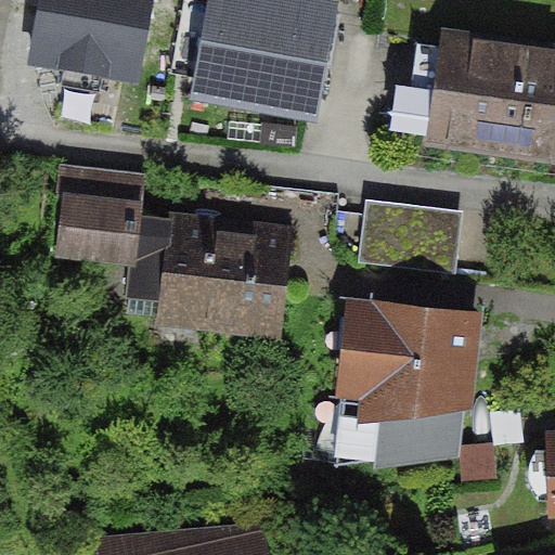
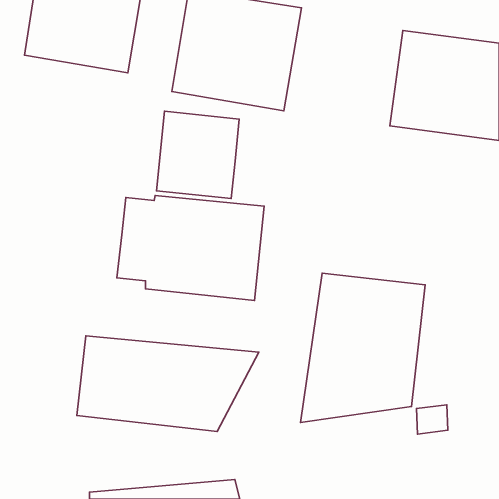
building: [52,163,143,259] -> [157,111,239,199]
building: [360,198,463,272] -> none
building: none -> [77,336,259,432]

